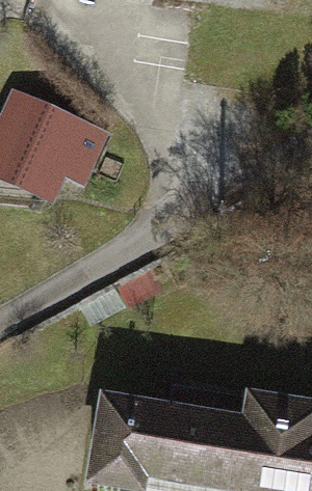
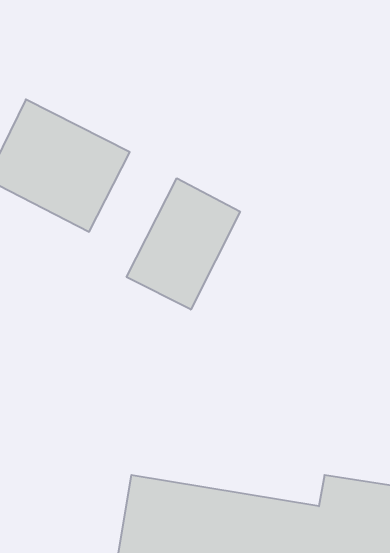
building: none -> [127,178,240,310]

